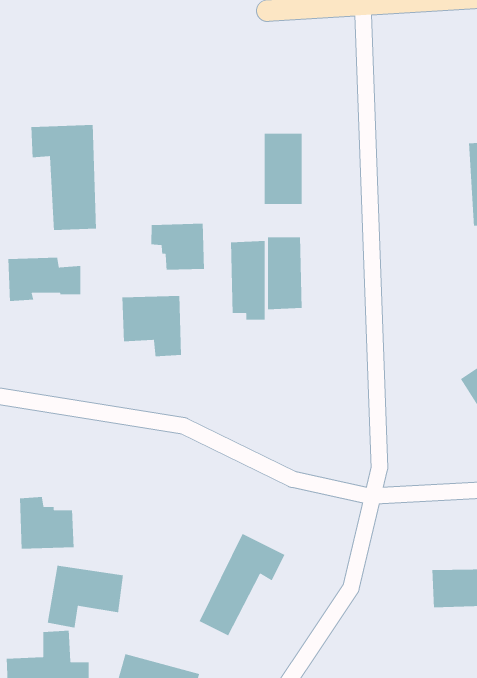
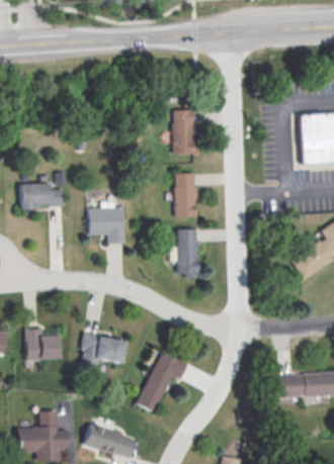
building: [31,124,97,231] -> none
building: [150,223,205,270] -> none
building: [230,240,265,320] -> [176,227,197,276]
building: [47,565,124,628] -> [79,333,126,371]

